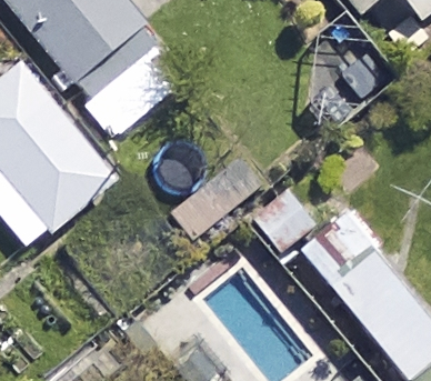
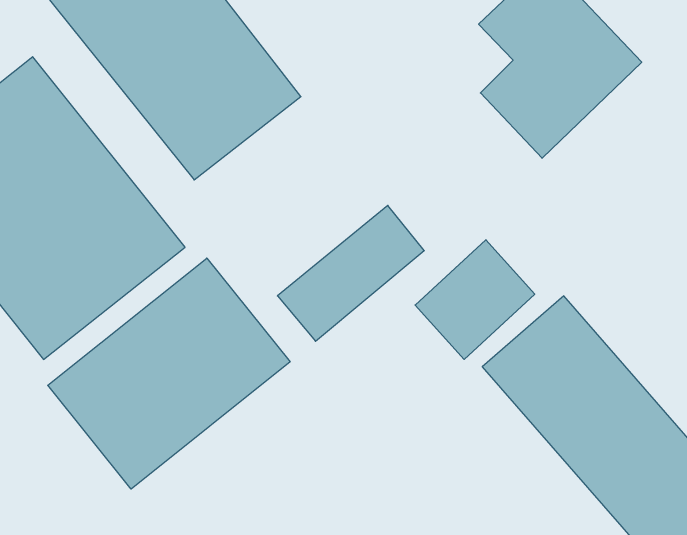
building: none -> [48,258,290,489]

